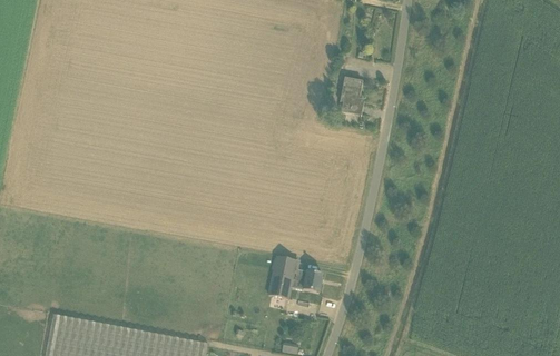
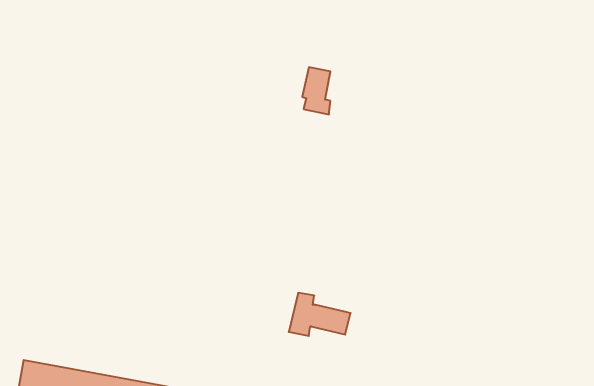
building: [338,76,362,115] -> [302,67,330,114]

